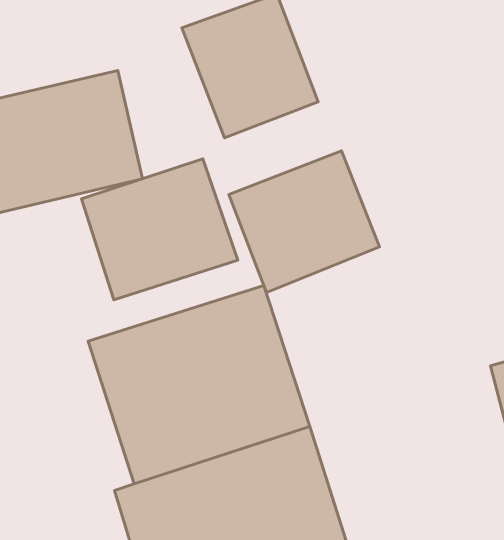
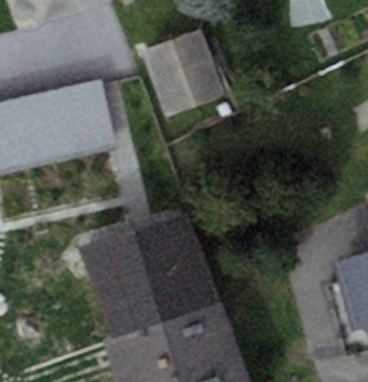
building: [229,151,379,292] -> none
building: [81,159,238,300] -> none

